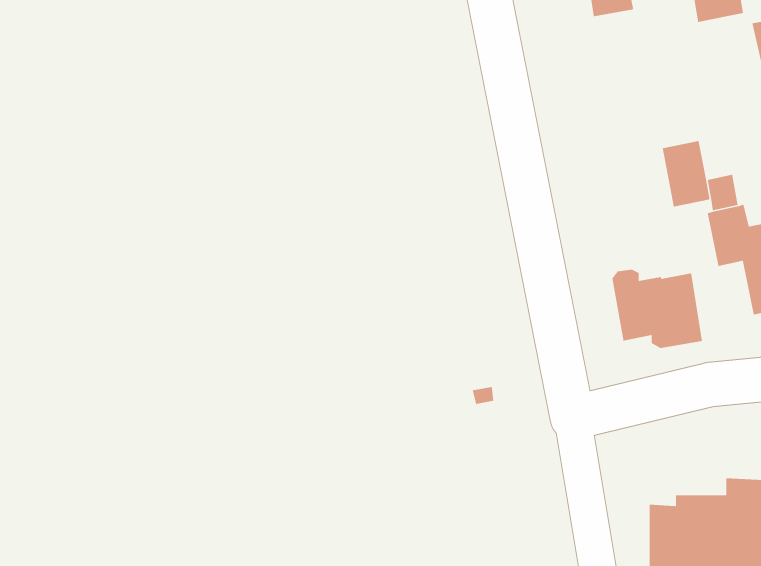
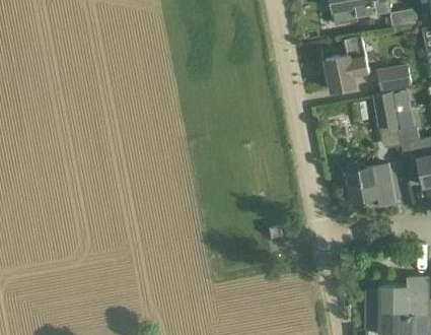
building: none -> [325,36,369,91]
building: none -> [376,64,412,92]

